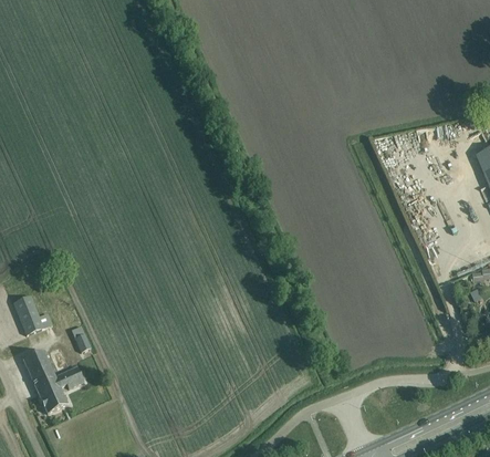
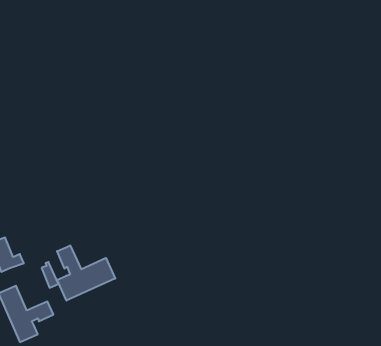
building: none -> [57,245,115,301]

